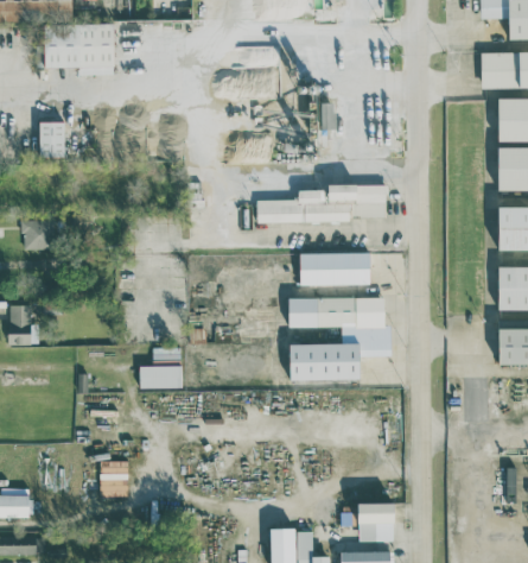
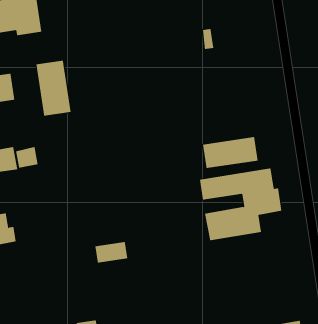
building: none -> [36,60,71,117]
building: [257,185,387,222] -> none
building: none -> [15,146,38,169]

